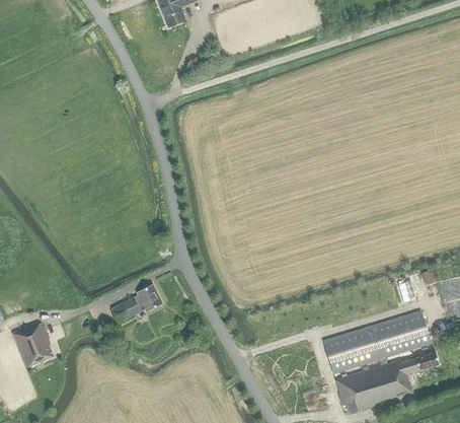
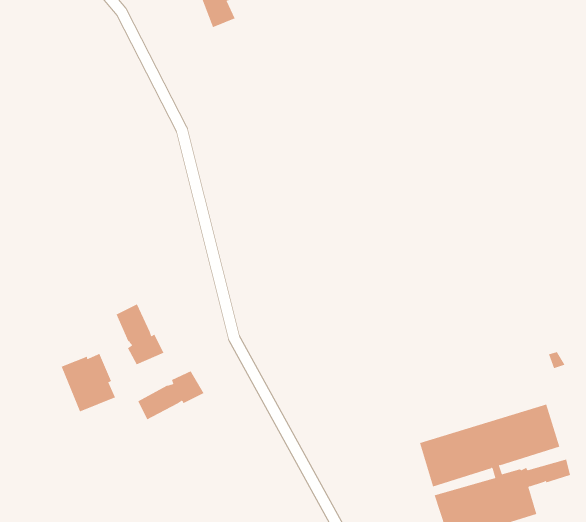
building: none -> [116,303,164,365]
building: [11,322,53,366] -> [61,353,116,412]

